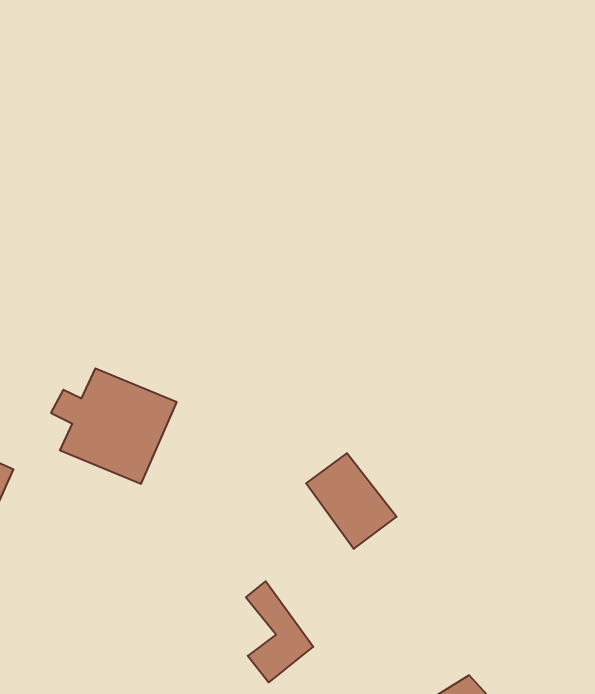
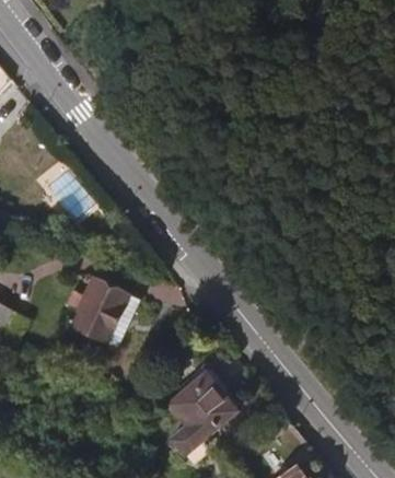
building: [306,453,397,549] -> [186,382,242,441]

